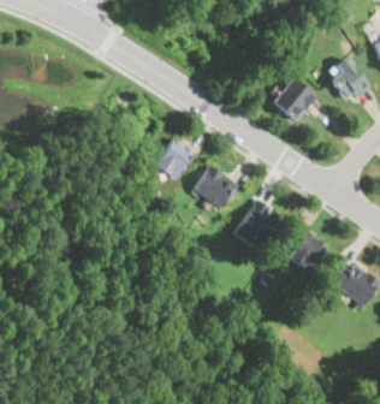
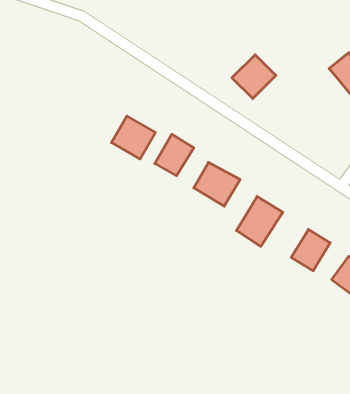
building: [273,78,316,121] -> [232,55,276,99]
building: none -> [111,116,155,159]

